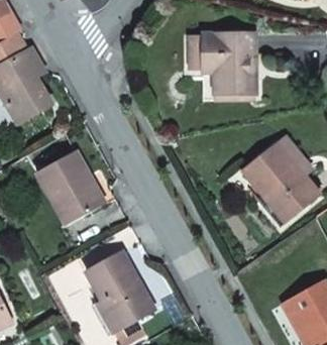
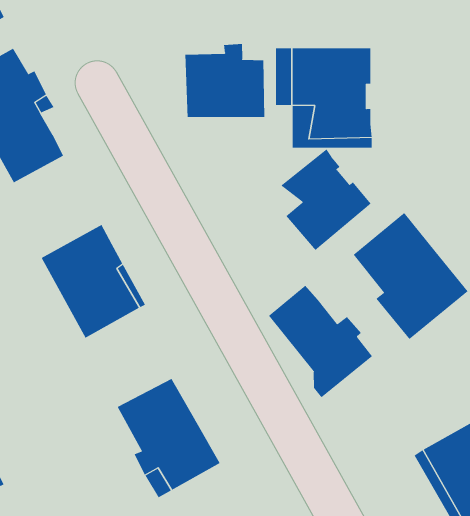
building: none -> [185,43,265,118]
building: none -> [280,148,372,251]
building: none -> [268,285,373,398]

